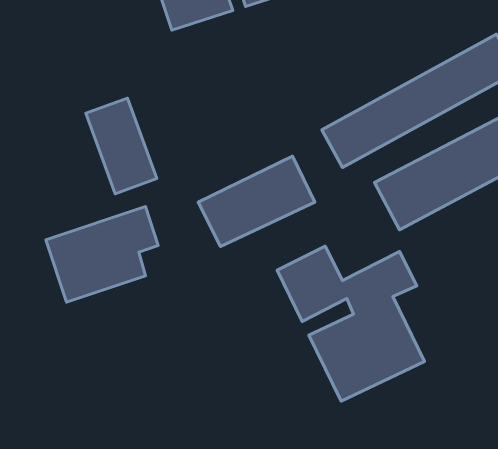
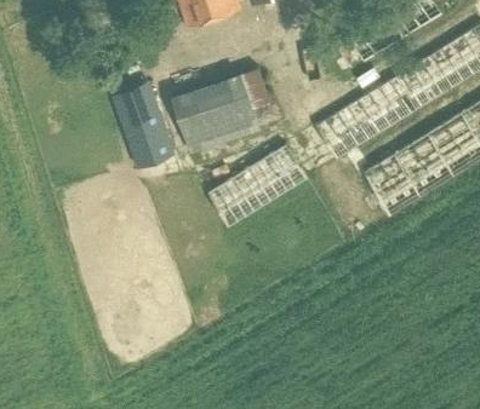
building: [46,207,158,302] -> [172,74,270,157]
building: [277,246,424,401] -> none

